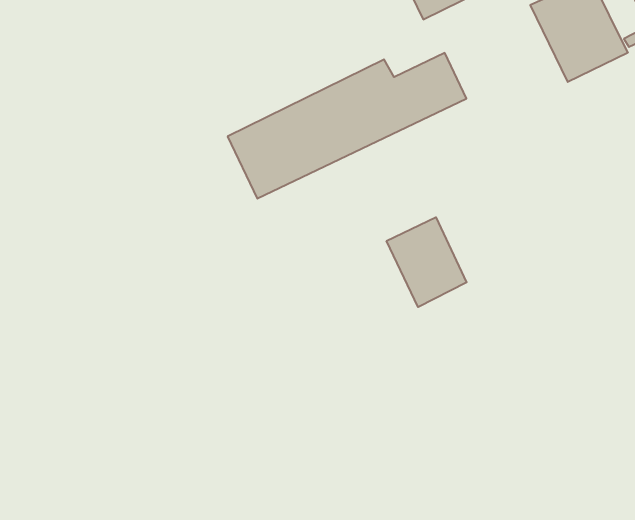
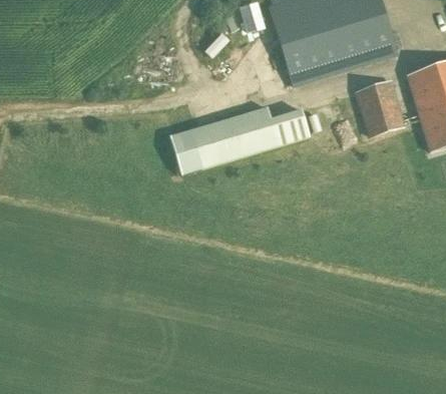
building: [387,217,467,307] -> none

